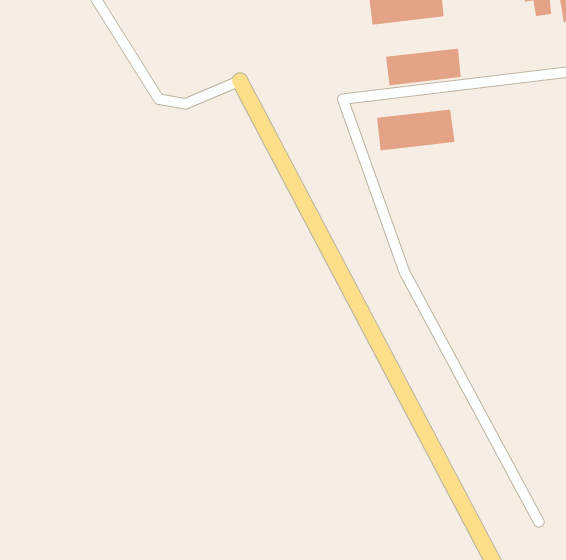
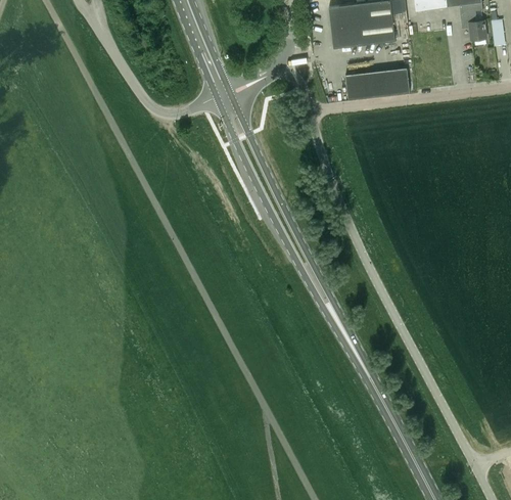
building: [377,109,455,151] -> none

